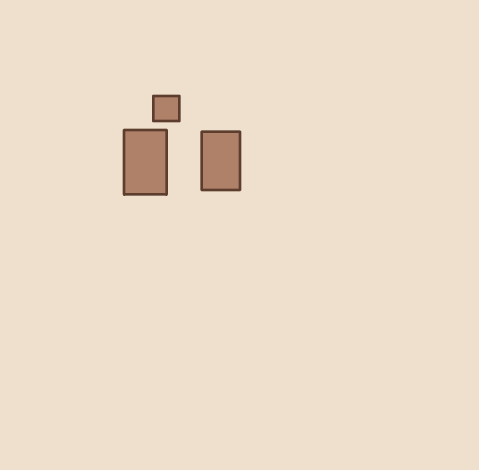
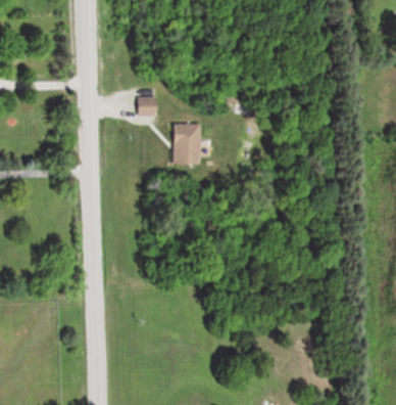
building: [124,130,166,195] -> none

